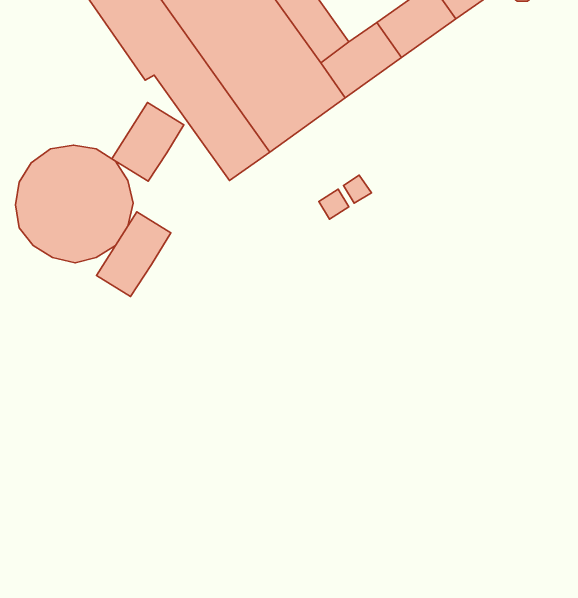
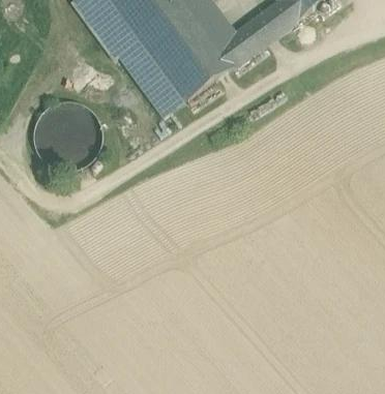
building: [112,102,184,181] -> none
building: [96,212,171,296] -> none

